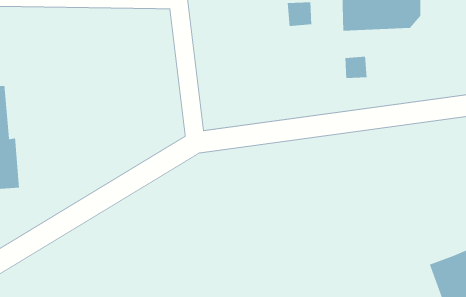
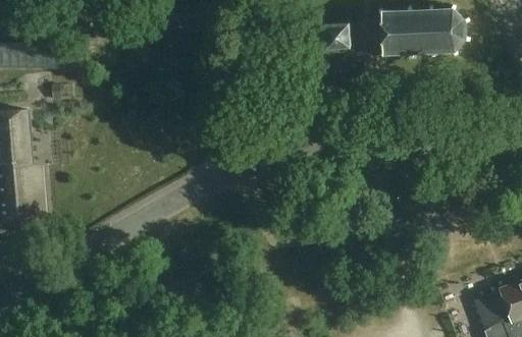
building: [345,56,368,79] -> none

